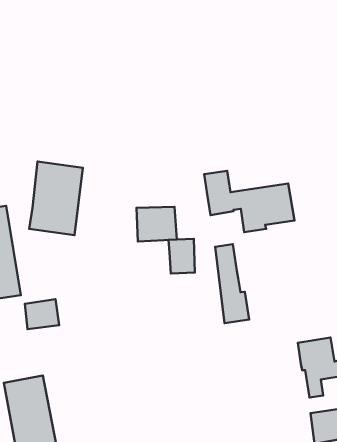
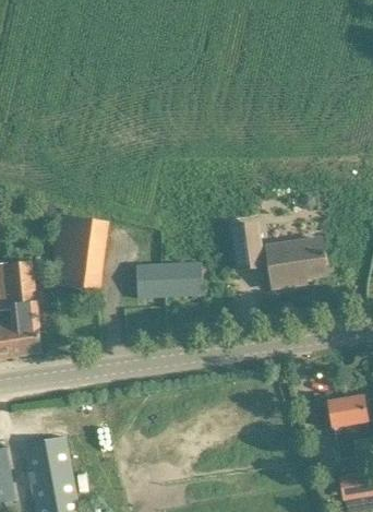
building: [169,239,195,274] -> [136,262,164,298]
building: [215,244,249,323] -> none
building: [25,299,59,329] -> none

